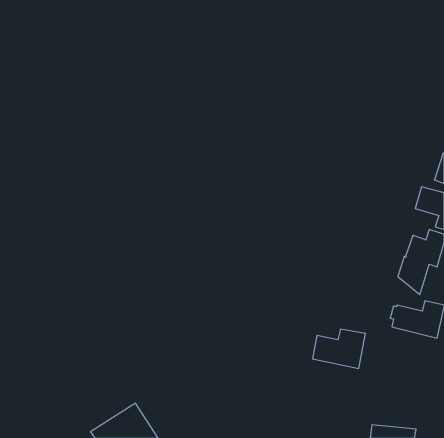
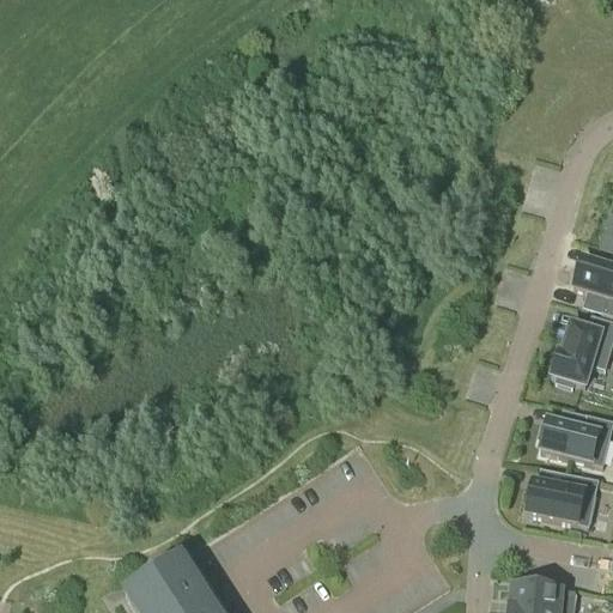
building: [313,329,366,368] -> [526,473,599,527]

